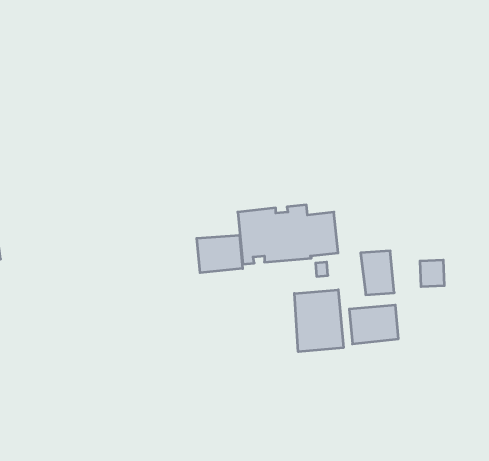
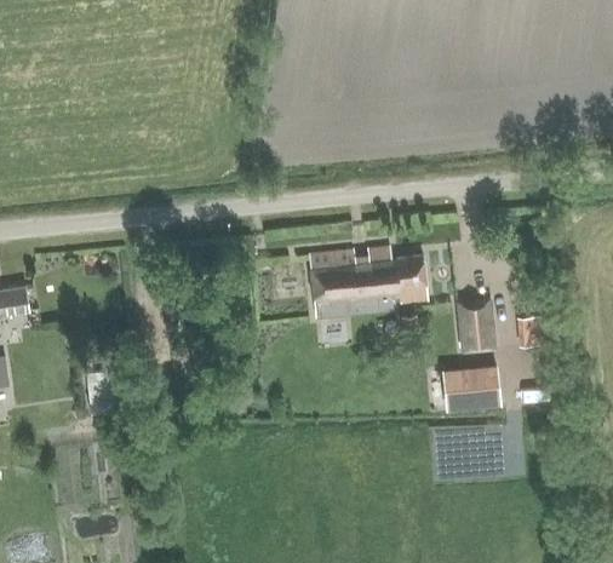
building: [197,235,243,273] -> none
building: [294,290,343,352] -> none

